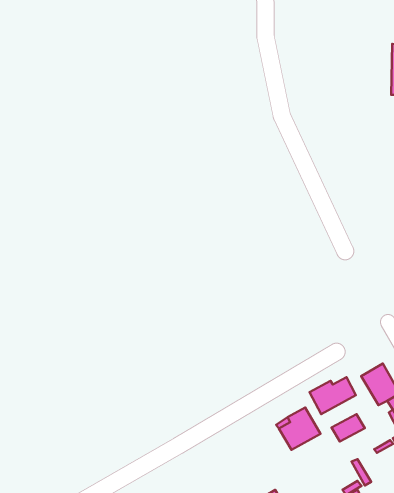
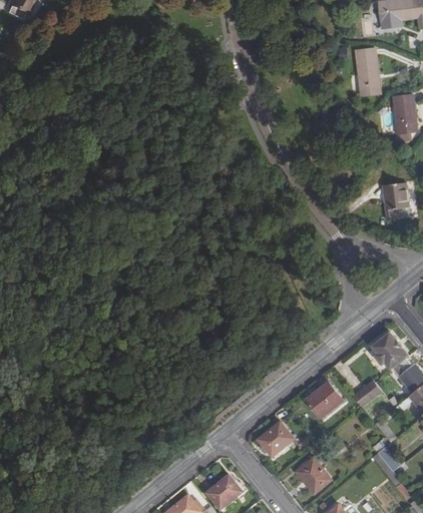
building: [309,377,356,414] -> none
building: none -> [258,421,294,456]

